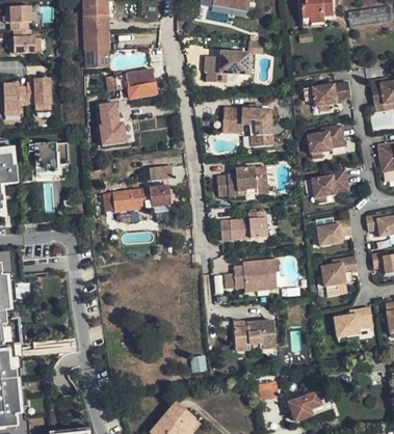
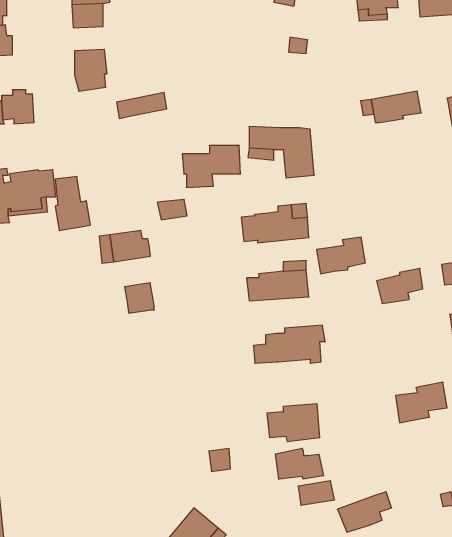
building: [83,31,107,50] -> none
building: [196,47,241,79] -> [182,146,241,187]
building: [114,69,153,89] -> none
building: [99,103,126,144] -> [55,176,90,231]
building: [308,125,345,153] -> none
building: [312,168,349,196] -> [317,237,365,274]
building: [147,184,169,207] -> [124,283,154,313]
building: [318,254,358,284] -> none
building: none -> [276,448,324,479]

